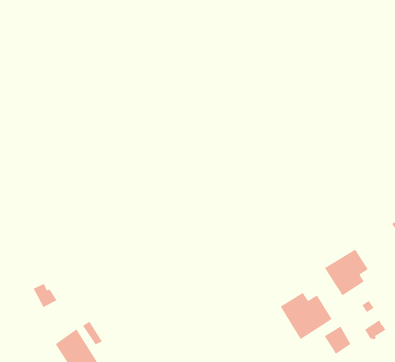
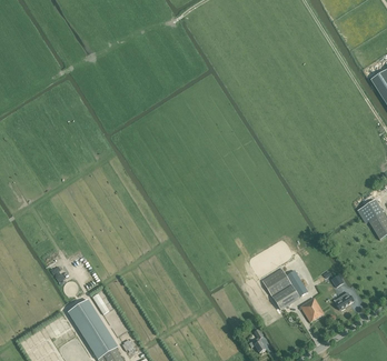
building: [324,248,368,296] -> none

